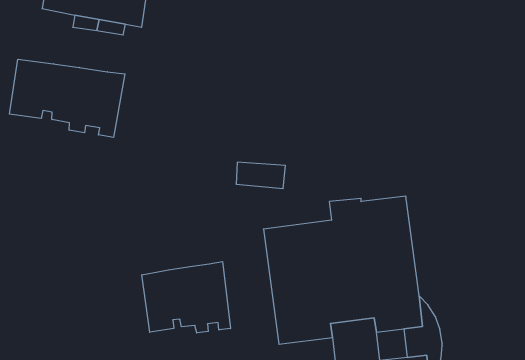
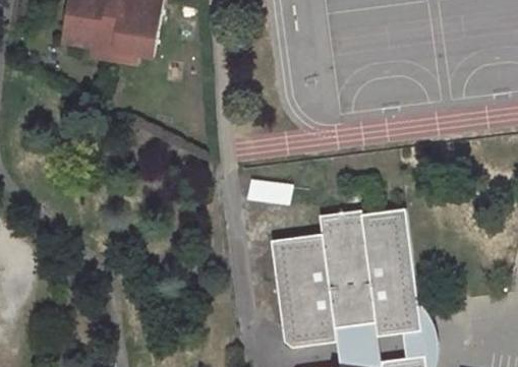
building: [10,59,125,137] -> none
building: [142,262,230,333] -> none

